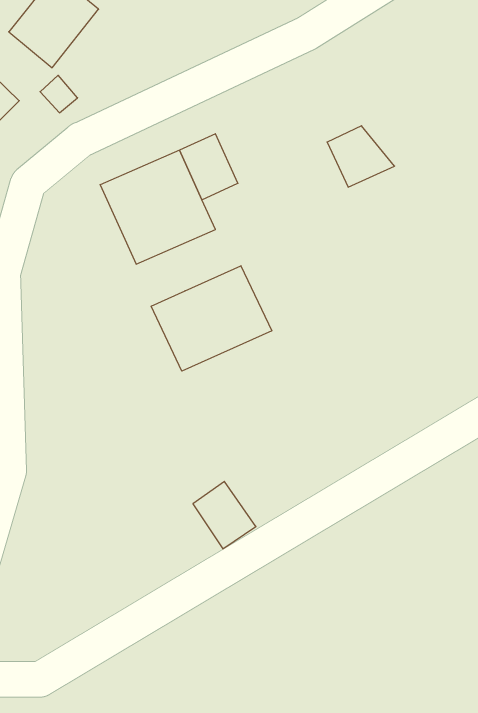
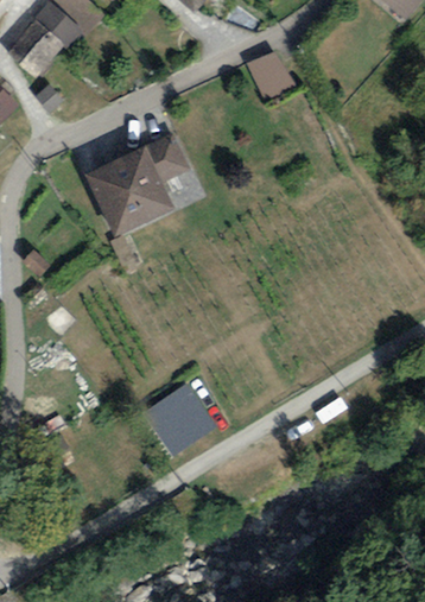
building: [327,126,395,187] -> [246,51,299,100]
building: [151,266,272,371] -> none

